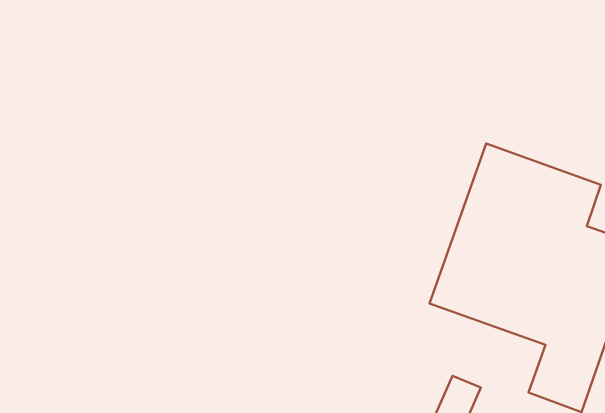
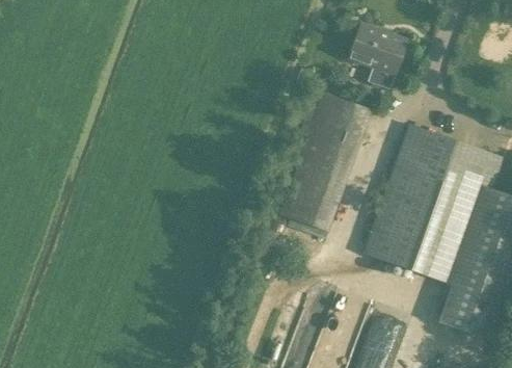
building: none -> [351,22,408,86]
building: none -> [278,94,369,231]

